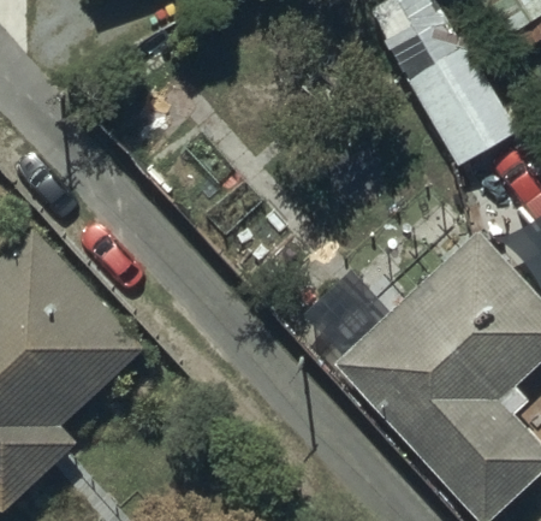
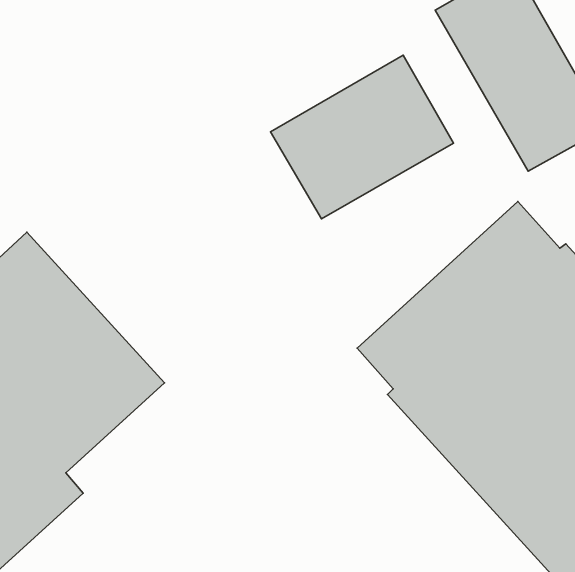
building: none -> [271,55,454,219]

